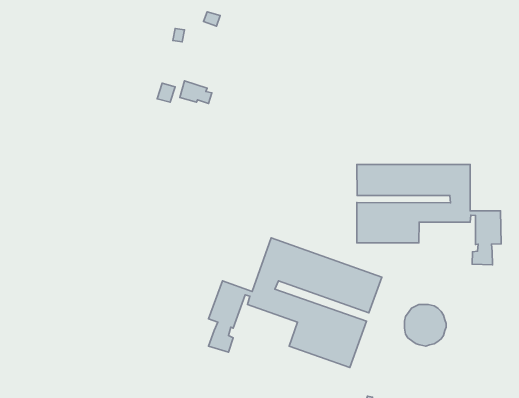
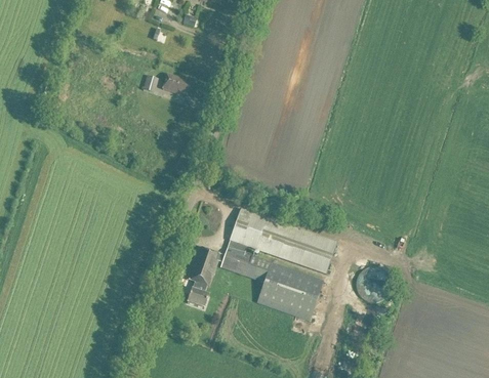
building: [357,165,501,265] -> none

